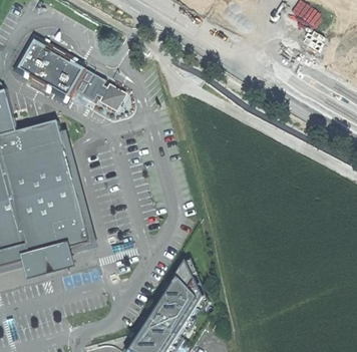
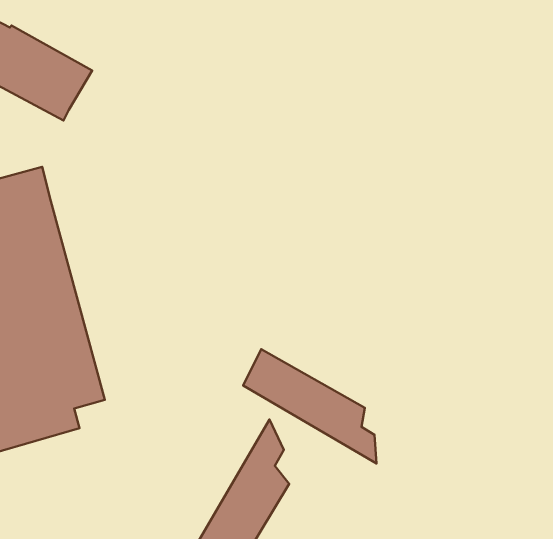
building: [72,67,123,107] -> none
building: none -> [243,349,377,463]

